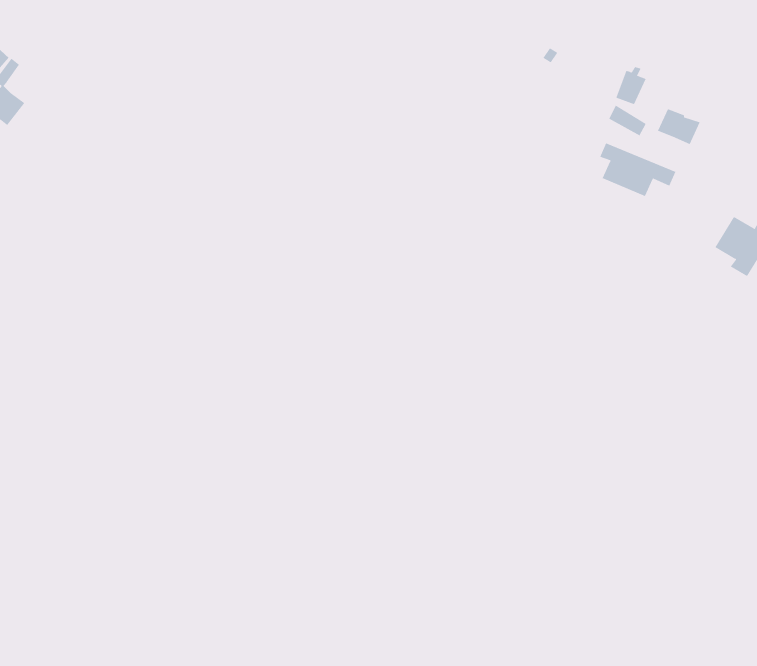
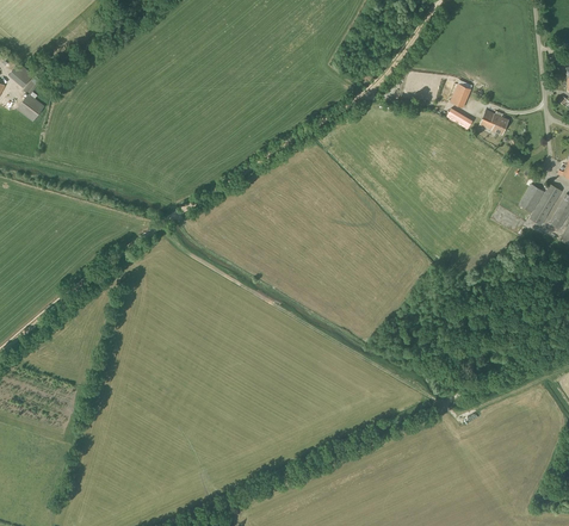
building: [600,142,676,197] -> none

